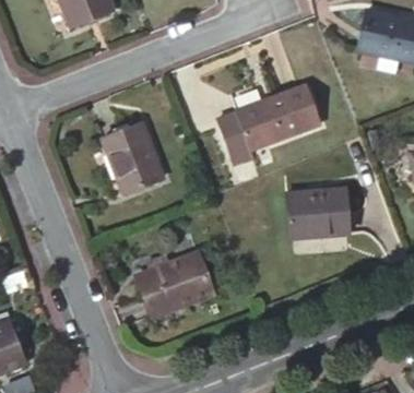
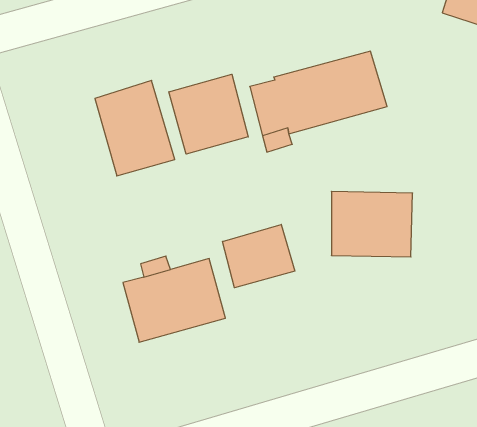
building: none -> [169,74,248,154]
building: none -> [223,224,295,288]

